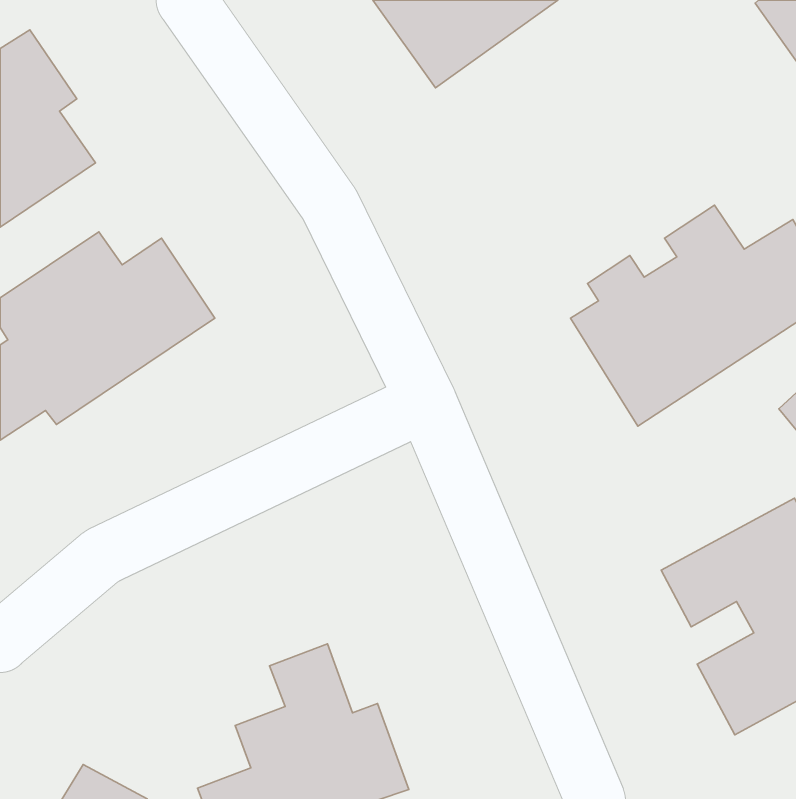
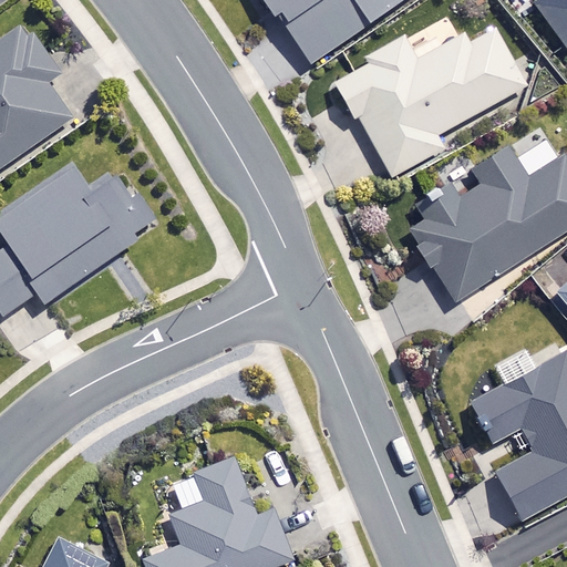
building: none -> [332,30,526,176]

